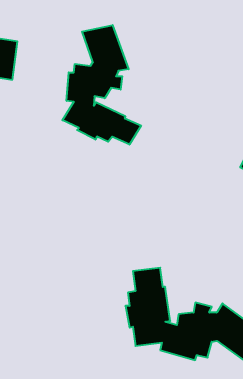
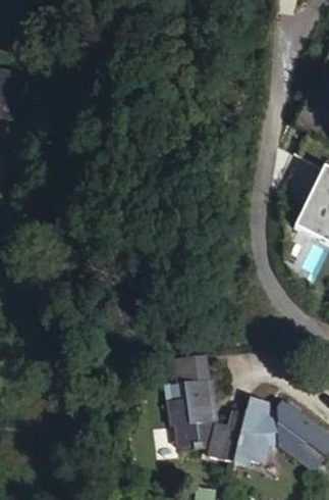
building: [62,25,141,145] -> none

